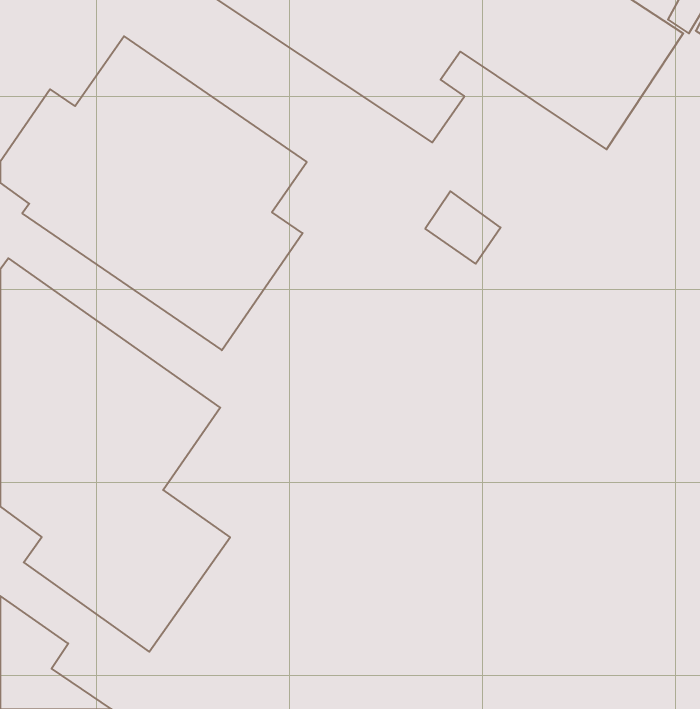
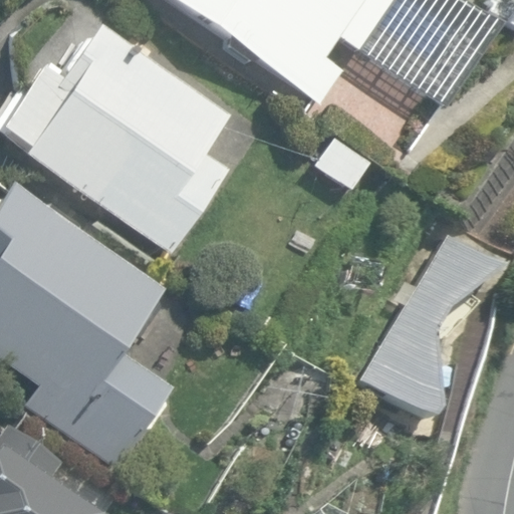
building: none -> [360,235,497,417]

